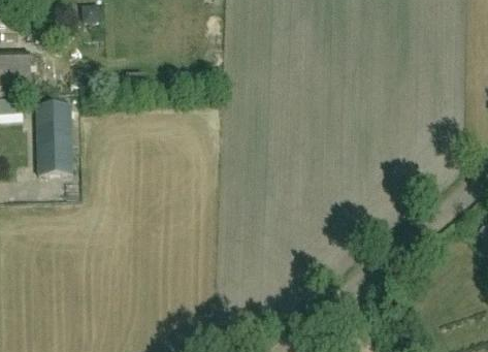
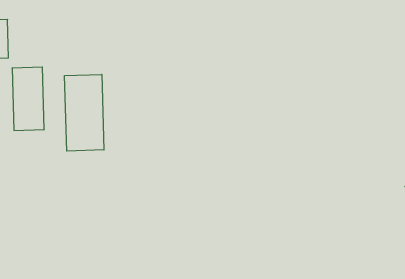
building: none -> [65,74,104,151]

